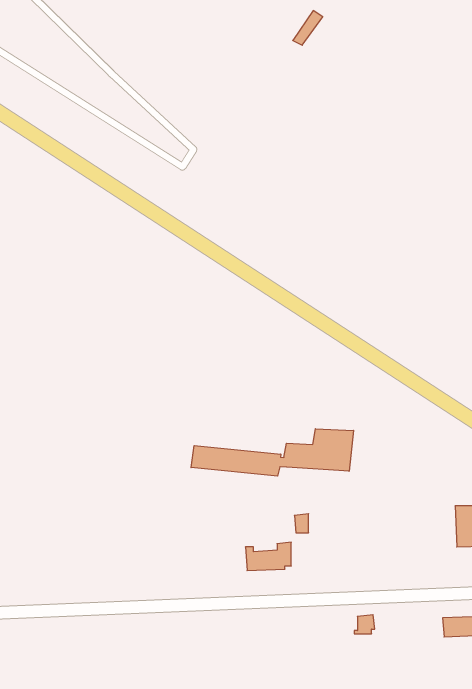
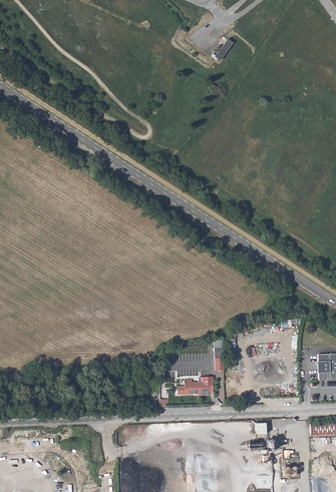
building: [191,429,354,476] -> none

